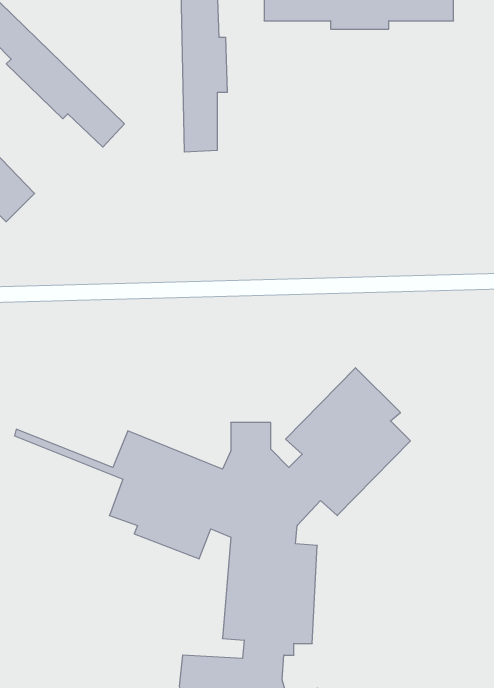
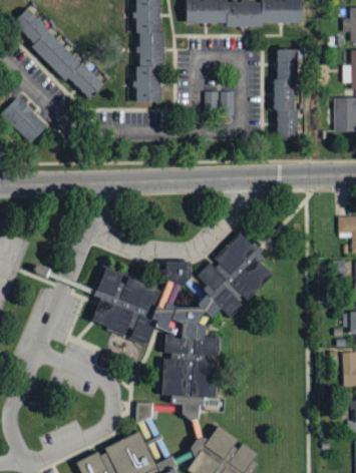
building: none -> [274,49,300,137]
building: none -> [205,89,235,115]

